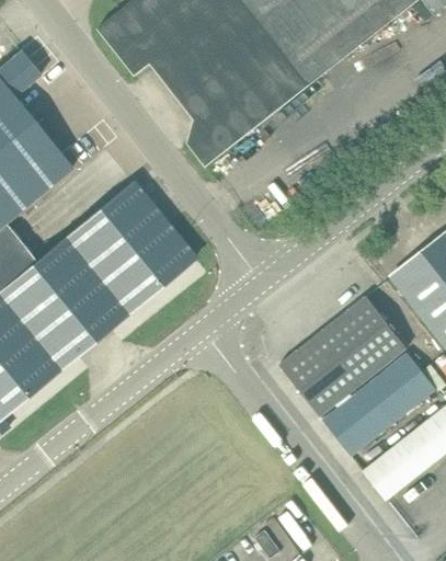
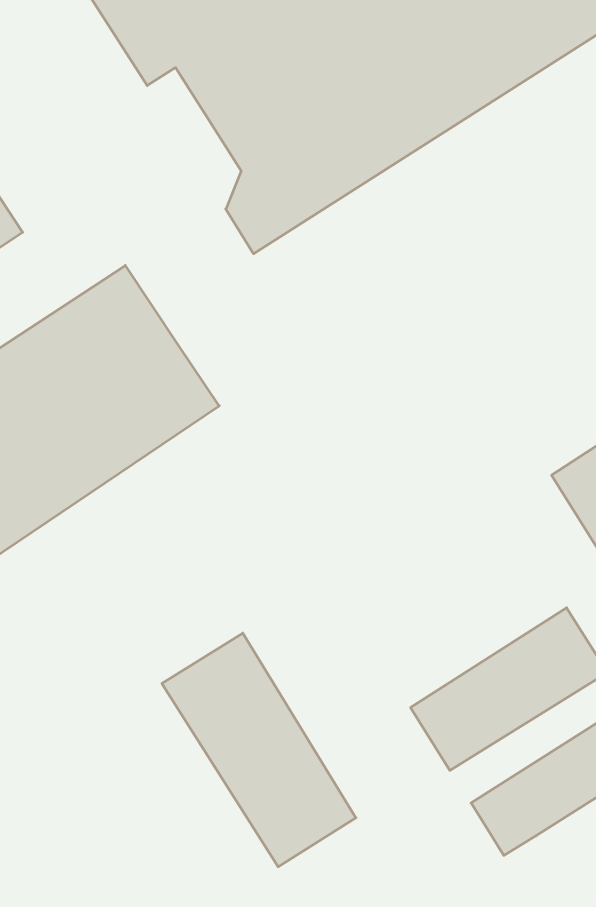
building: [279,297,407,415] -> none
building: none -> [162,633,356,867]

